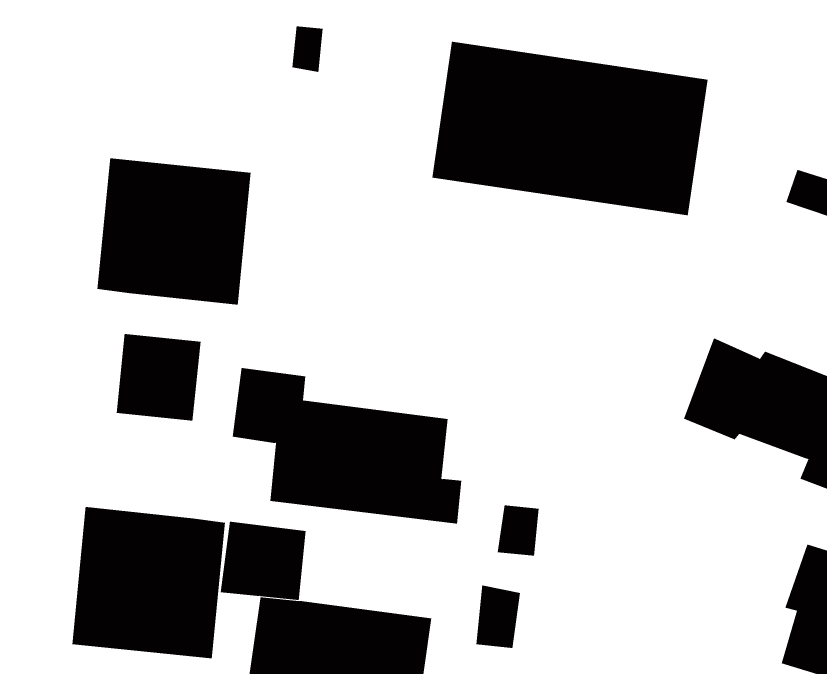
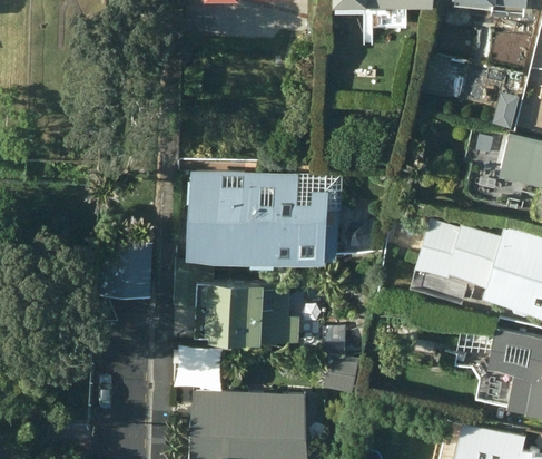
building: [431,41,708,216] -> [196,172,344,255]
building: [97,158,251,306] -> none
building: [72,506,225,659] -> none

